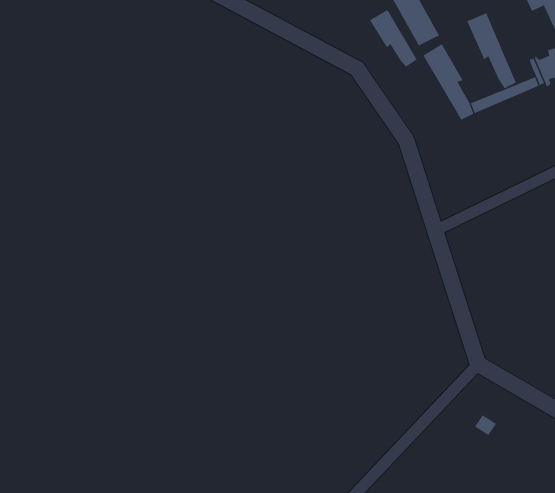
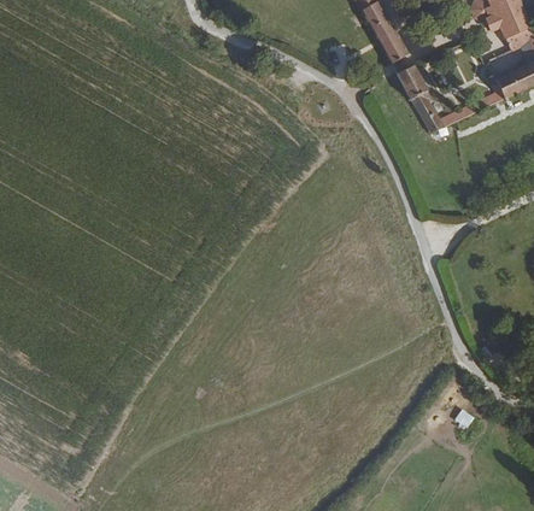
building: [369,9,417,68] -> none
building: [467,12,517,89] -> none

